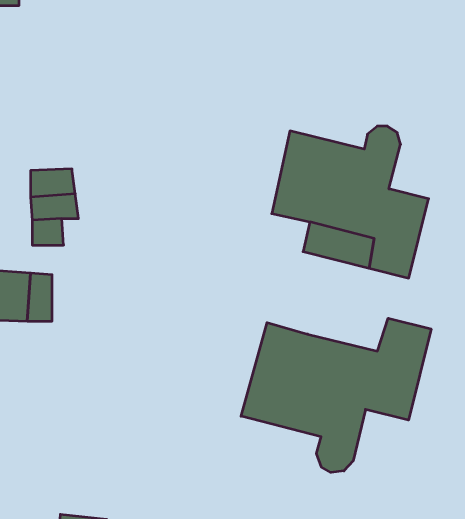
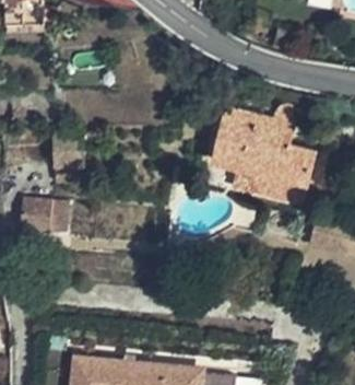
building: [241,318,431,472] -> none

